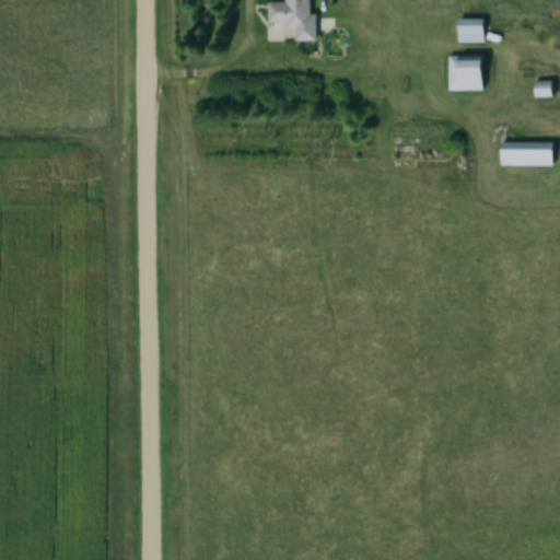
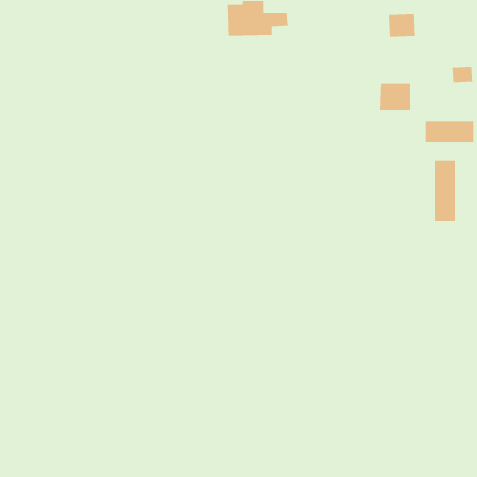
building: [447,57,485,90] -> [379,83,411,111]
building: none -> [434,160,456,222]

